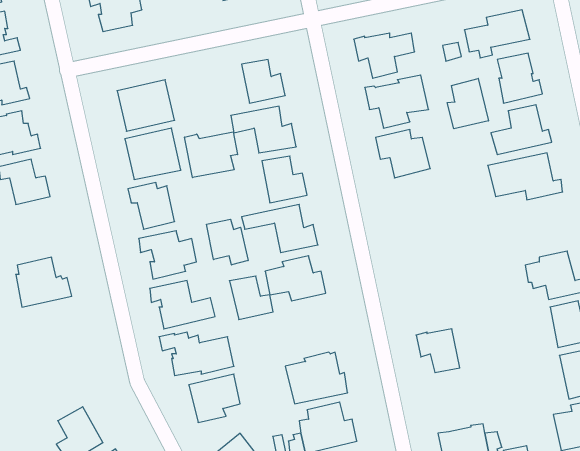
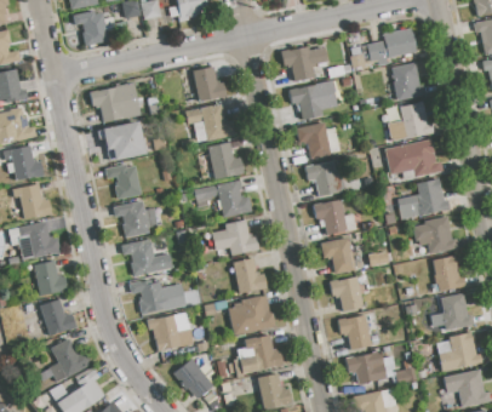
building: [447,78,488,129] -> none
building: [185,132,238,178] -> none
building: none -> [304,160,343,196]
building: none -> [396,178,451,219]
building: none -> [18,183,52,218]
building: [207,219,248,265] -> none
building: none -> [313,199,356,234]
building: [229,276,273,320] -> [233,258,267,292]
building: none -> [319,236,355,274]
building: none -> [34,259,69,296]
building: none -> [40,299,76,334]
building: none -> [337,314,371,349]

